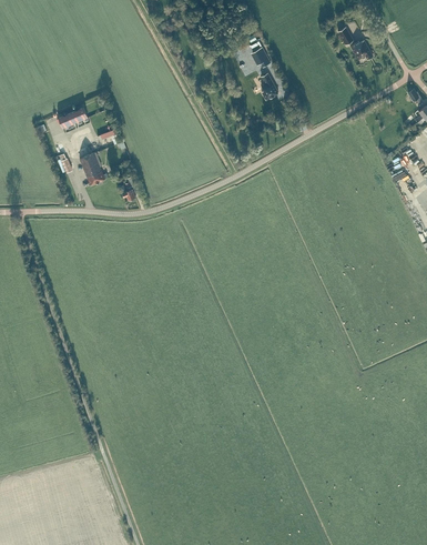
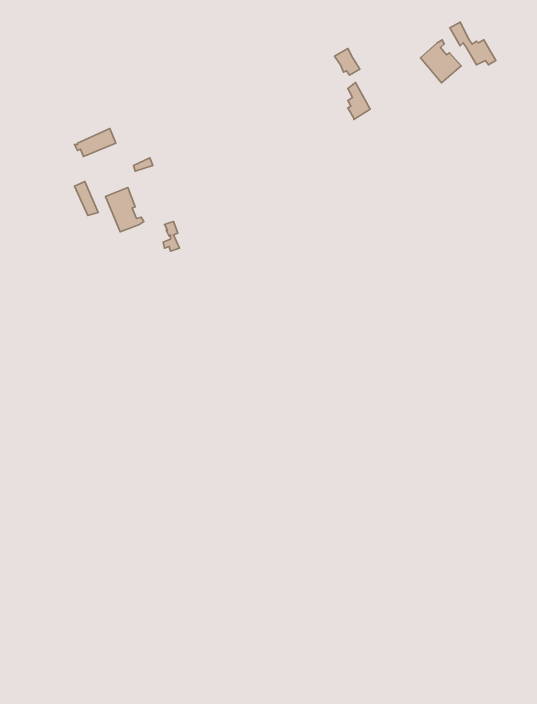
building: none -> [420,40,461,83]

